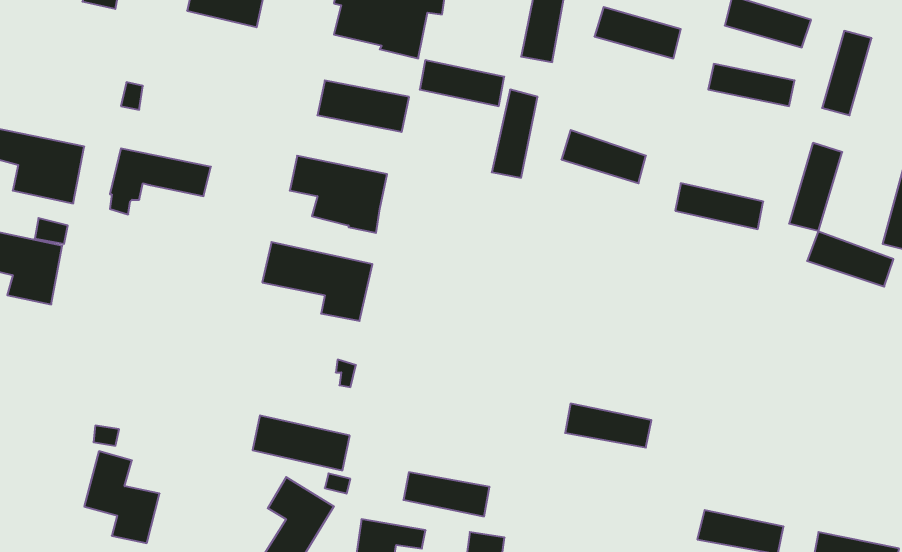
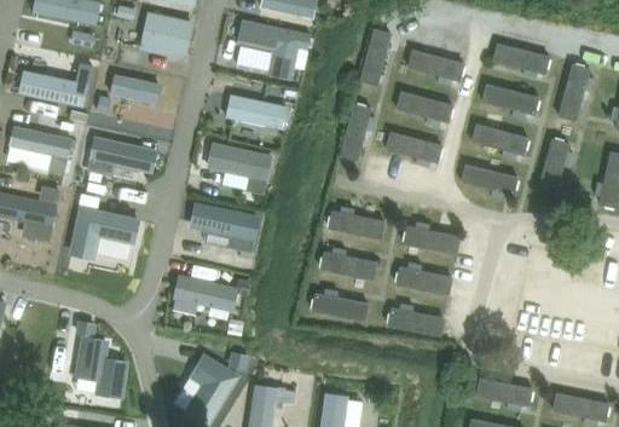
building: none -> [22,63,92,109]
building: none -> [110,75,161,105]
building: [420,60,504,106] -> [397,91,452,121]
building: [807,231,893,287] -> [472,120,528,156]
building: none -> [68,206,140,261]
building: none -> [328,210,384,241]
building: none -> [404,226,461,255]
building: none -> [320,252,376,282]
building: none -> [397,267,453,296]
building: [253,415,350,470] -> [173,277,237,313]
building: [403,472,490,516] -> [312,294,369,323]

